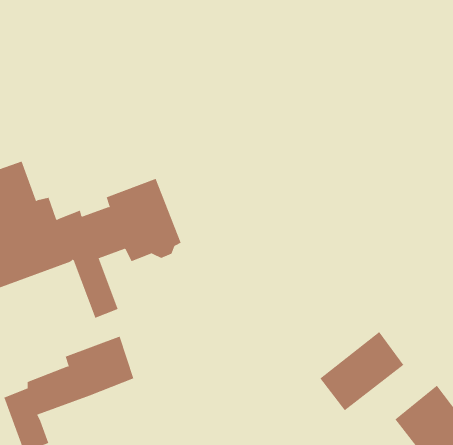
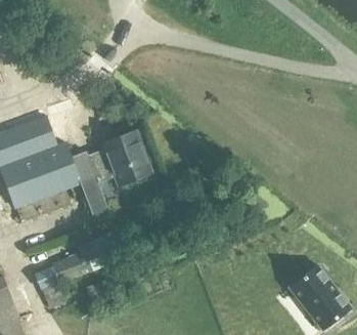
building: [319,331,404,411] -> none

